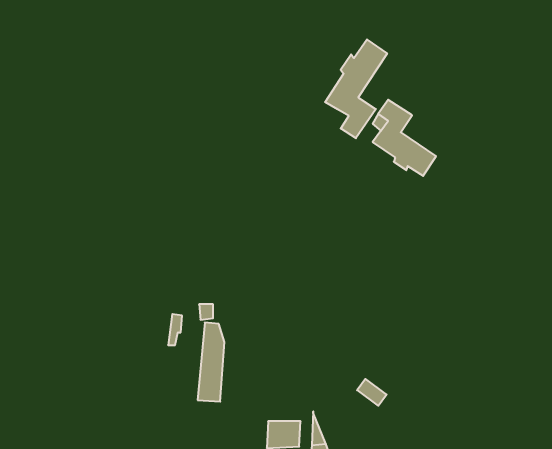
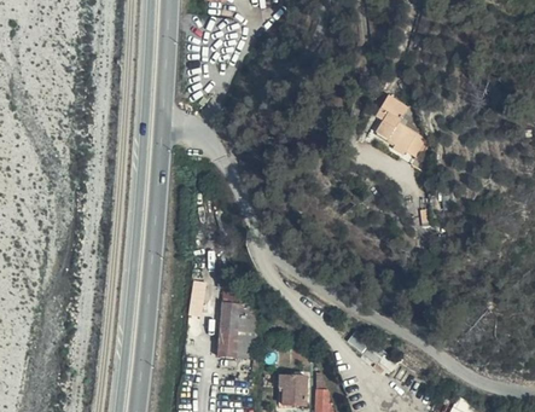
building: [325,39,387,138] -> none

